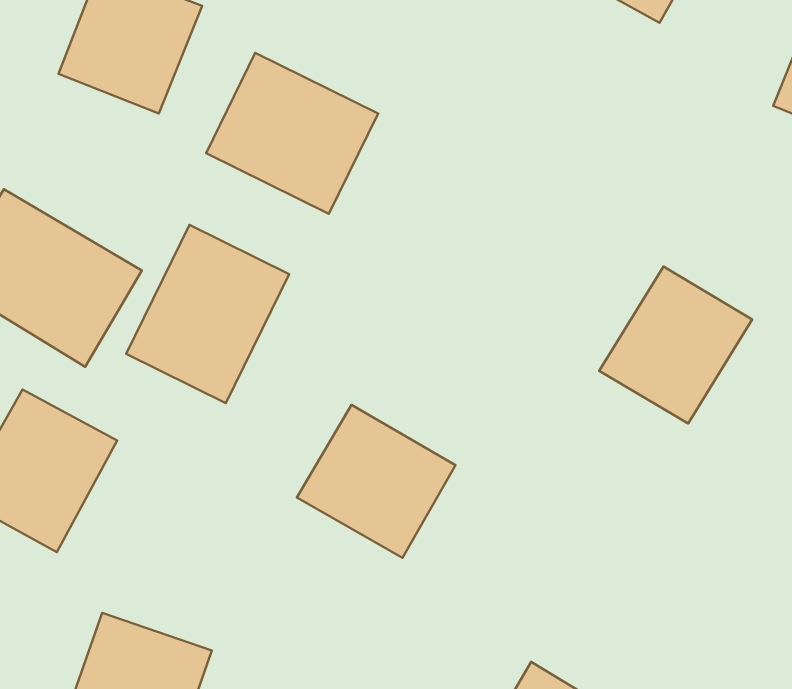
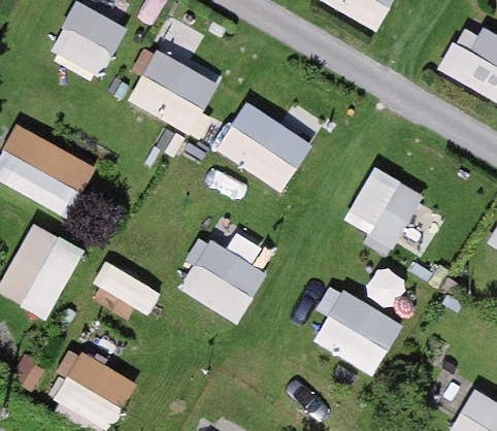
building: none -> [212,93,320,196]
building: [126,225,289,403] -> none
building: none -> [319,293,401,371]

